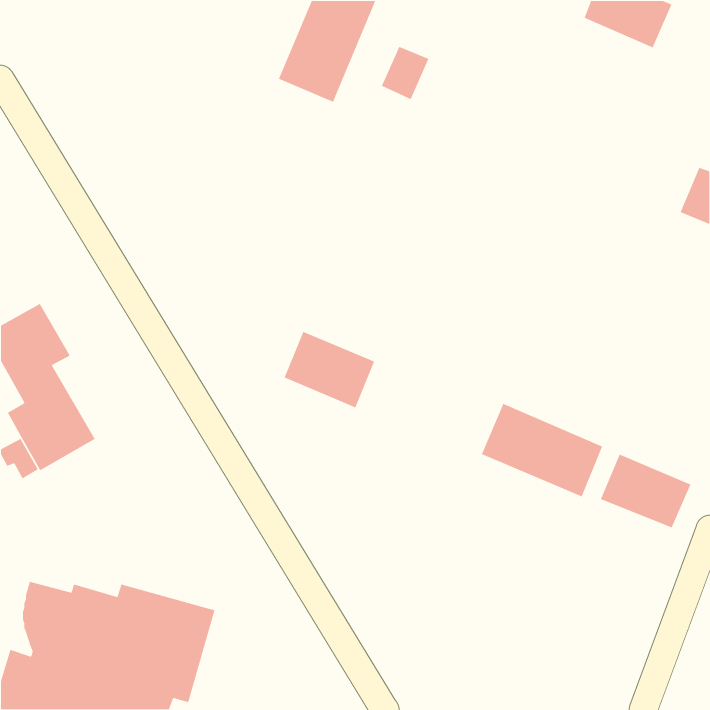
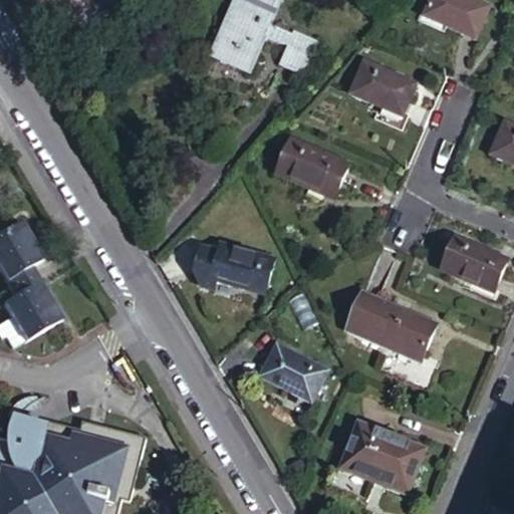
building: none -> [346,61,411,115]
building: none -> [272,139,338,193]
building: [600,454,692,529] -> [442,235,508,289]
building: none -> [249,343,325,404]
building: none -> [341,425,423,493]

